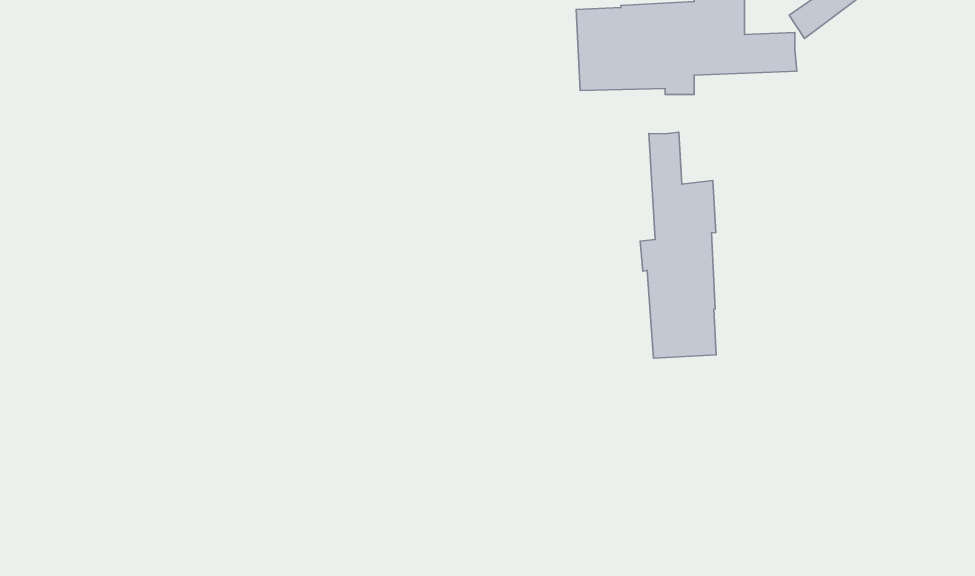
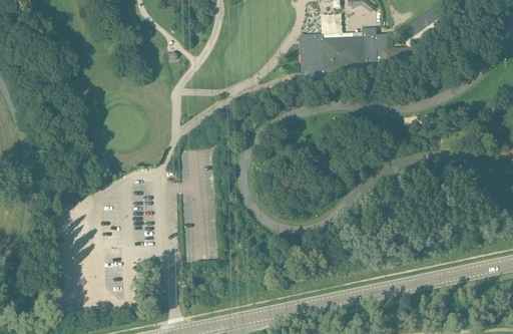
building: [640,132,716,358] -> none

